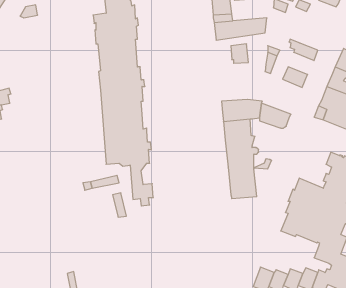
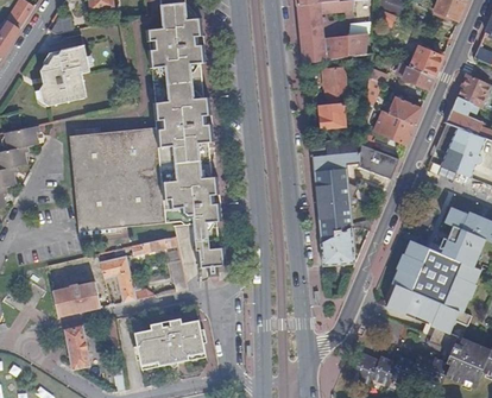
building: none -> [40,45,90,105]
building: none -> [410,45,442,75]
building: none -> [318,90,346,127]
building: none -> [373,109,414,143]
building: none -> [69,126,162,229]
building: none -> [101,255,156,301]
building: none -> [53,280,101,316]
building: none -> [134,317,204,366]
building: none -> [67,326,90,368]

